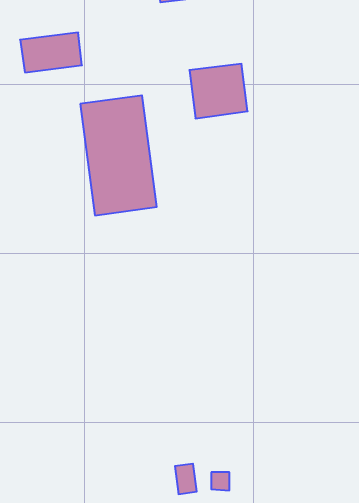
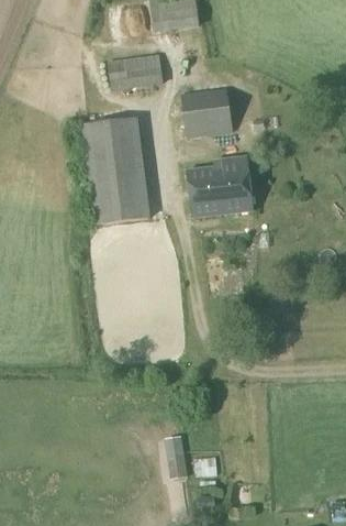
building: [20,33,82,72] -> [107,54,163,90]
building: none -> [187,155,254,216]

